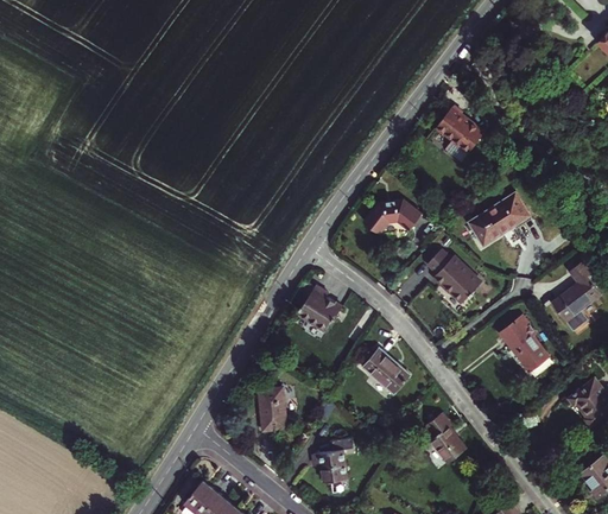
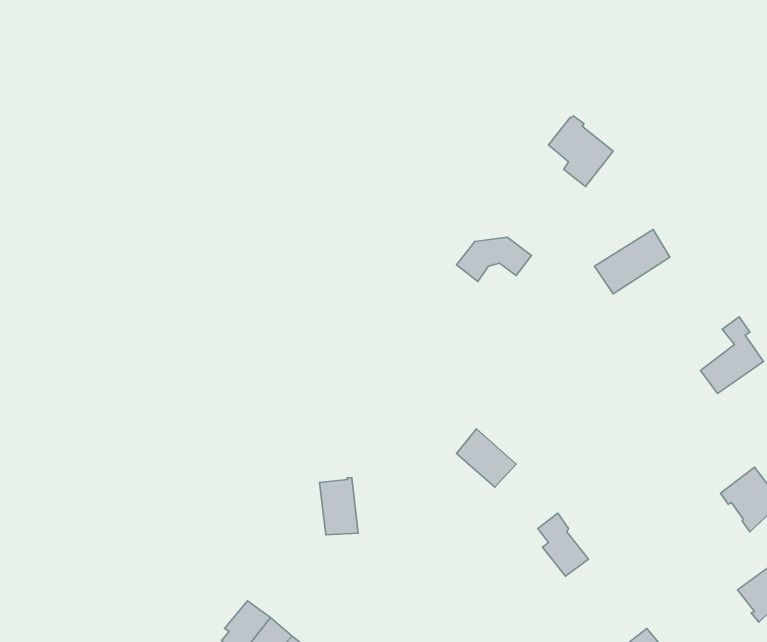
building: [426,248,482,300] -> none
building: [296,285,341,331] -> none
building: [499,317,546,372] -> none
building: [314,437,353,482] -> none

